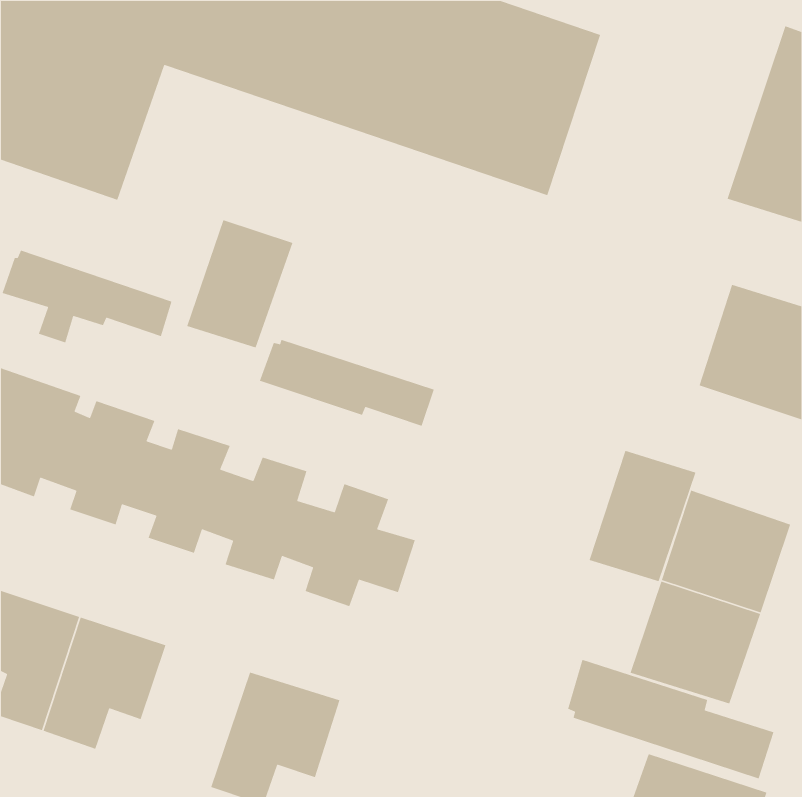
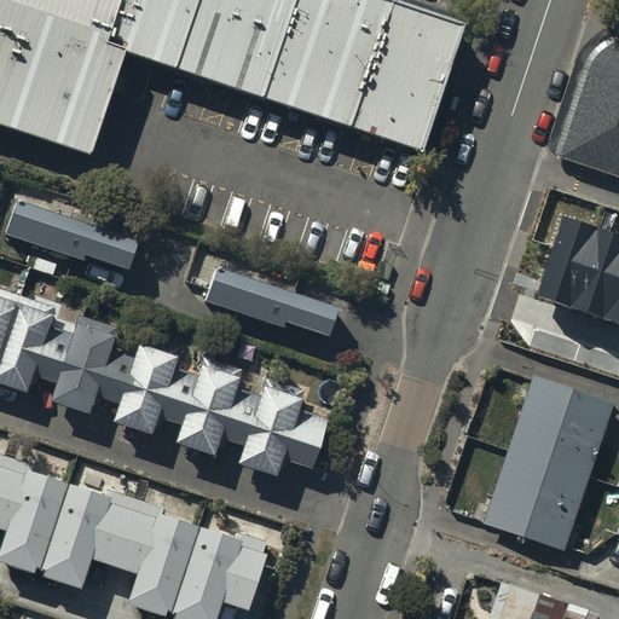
building: [186,219,294,349] -> none
building: [589,450,696,582] -> none
building: none -> [109,501,192,611]
building: [567,659,774,779] -> none

